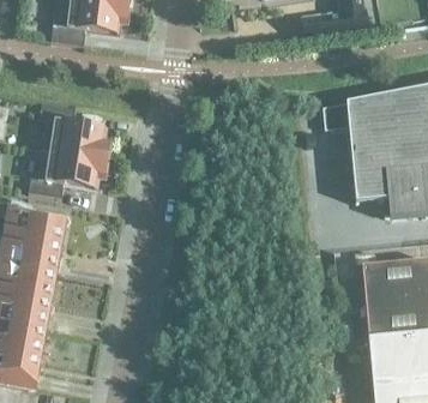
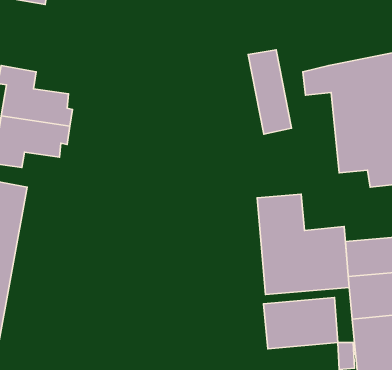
building: none -> [248,50,291,134]
building: none -> [257,194,349,294]
building: none -> [264,297,338,349]

